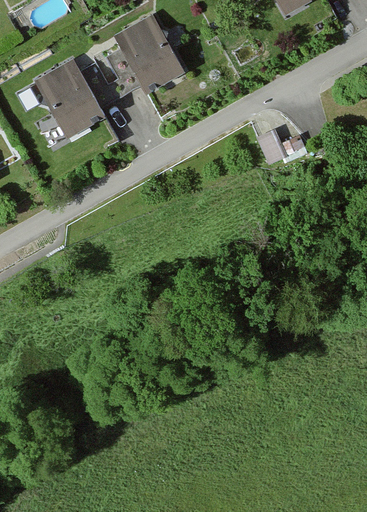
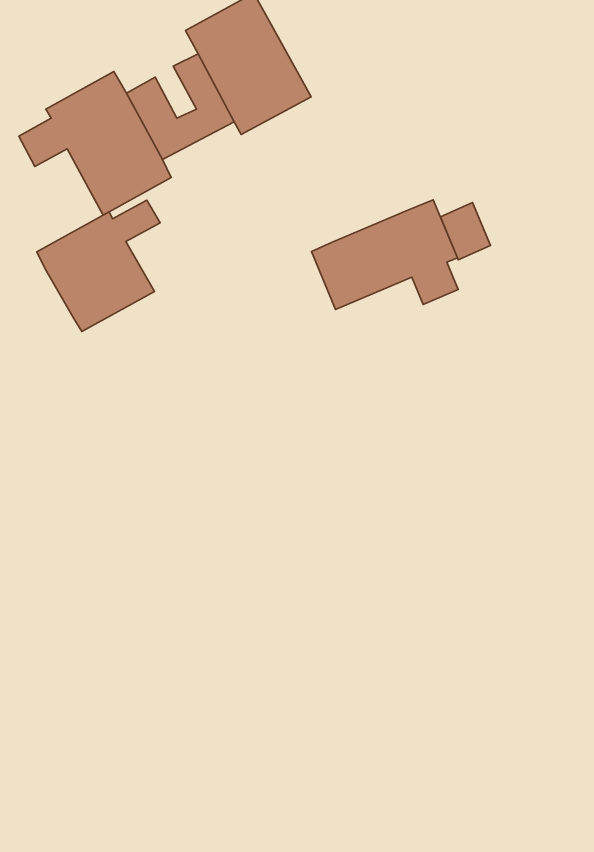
building: none -> [311,200,458,310]
building: none -> [37,200,160,332]

